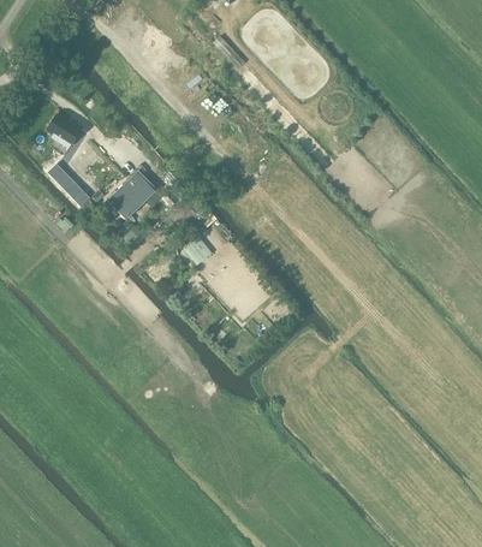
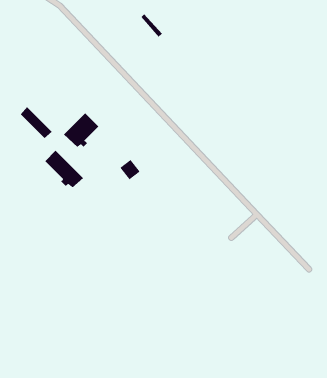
building: [46,113,81,148] -> none
building: none -> [44,150,84,188]

